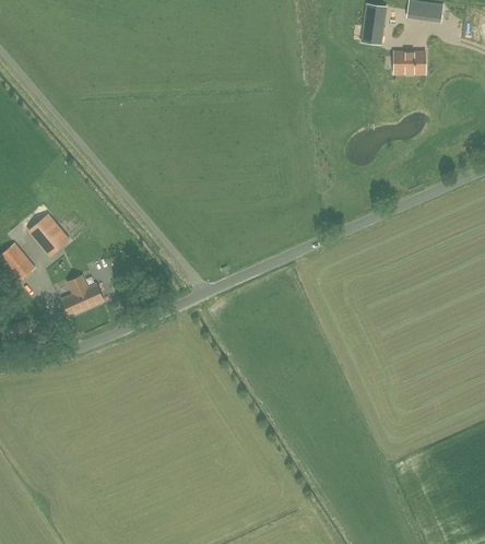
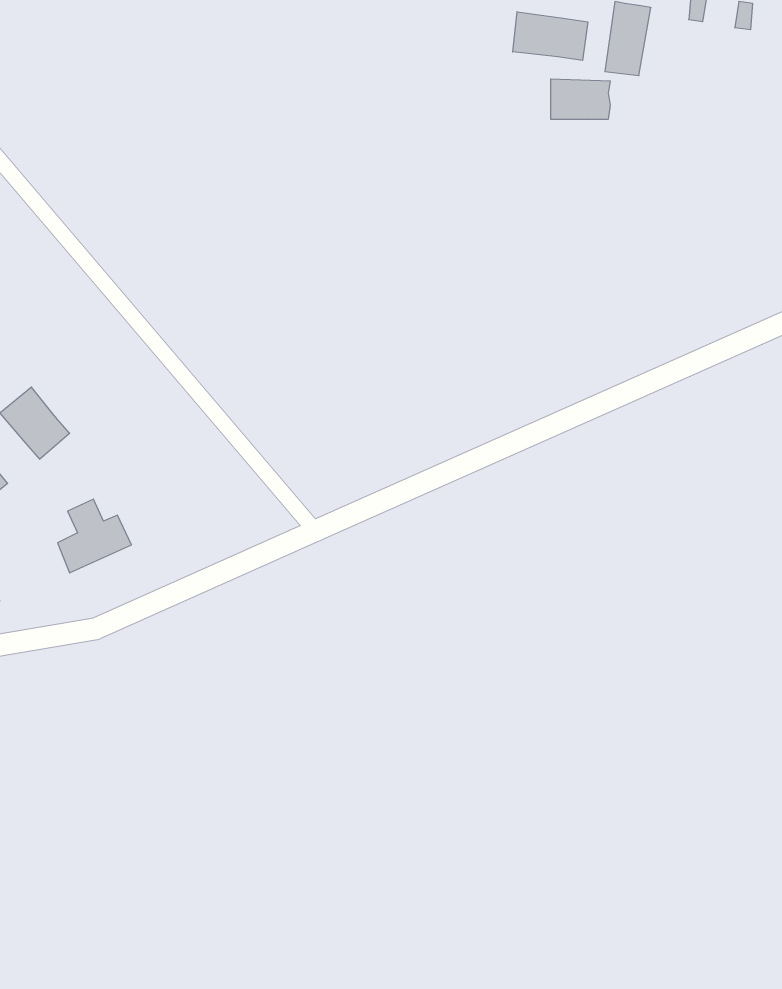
building: none -> [513,12,588,60]
building: [393,51,426,73] -> [551,79,610,119]

